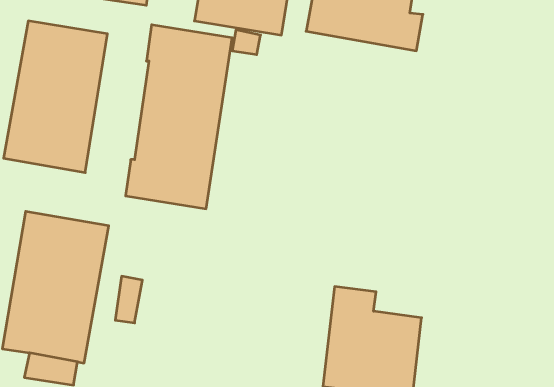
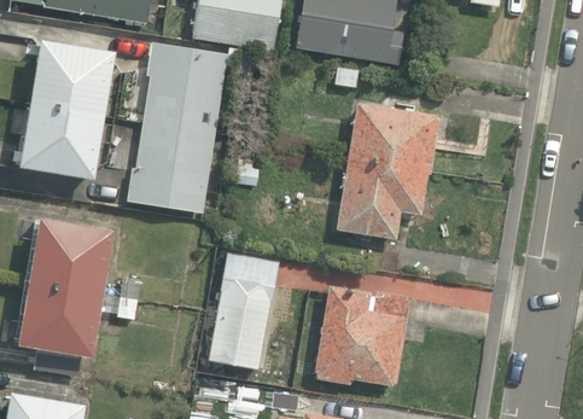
building: none -> [334,106,441,241]
building: none -> [206,250,275,368]

